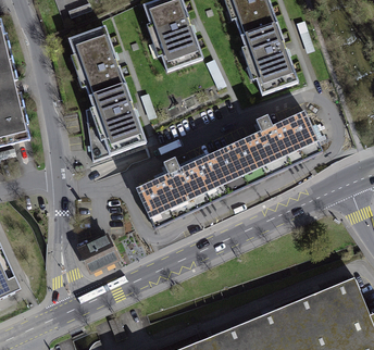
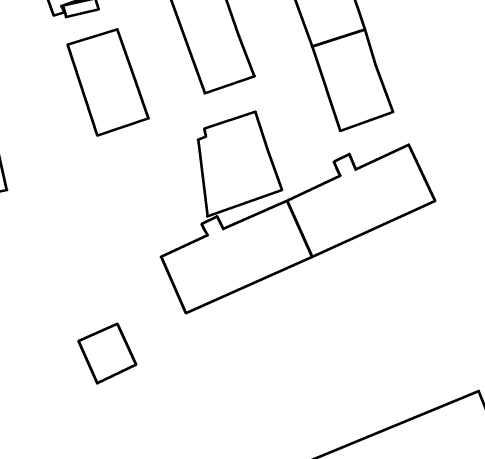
building: [85,87,144,160] -> [198,112,282,216]

